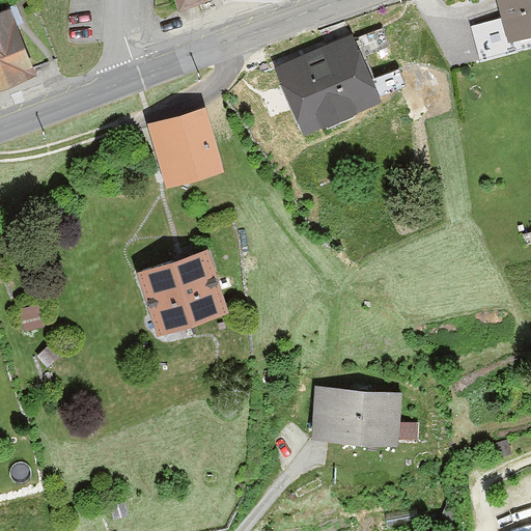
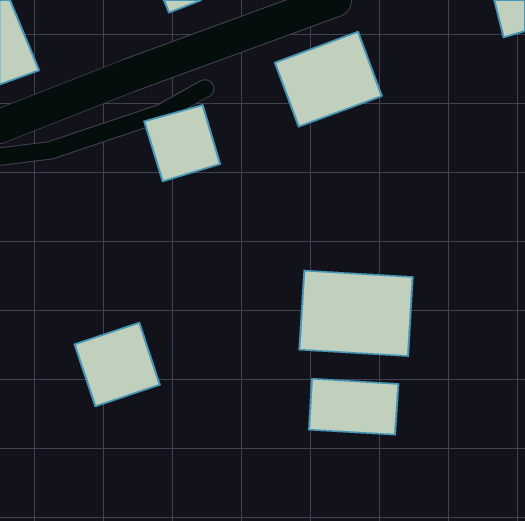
building: [138,252,224,336] -> [74,323,160,406]
building: none -> [300,270,413,356]

